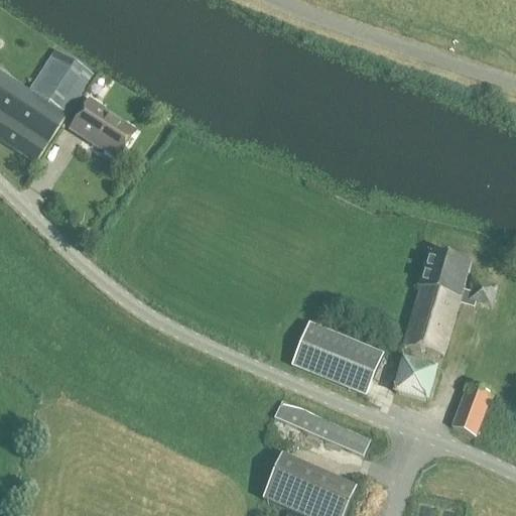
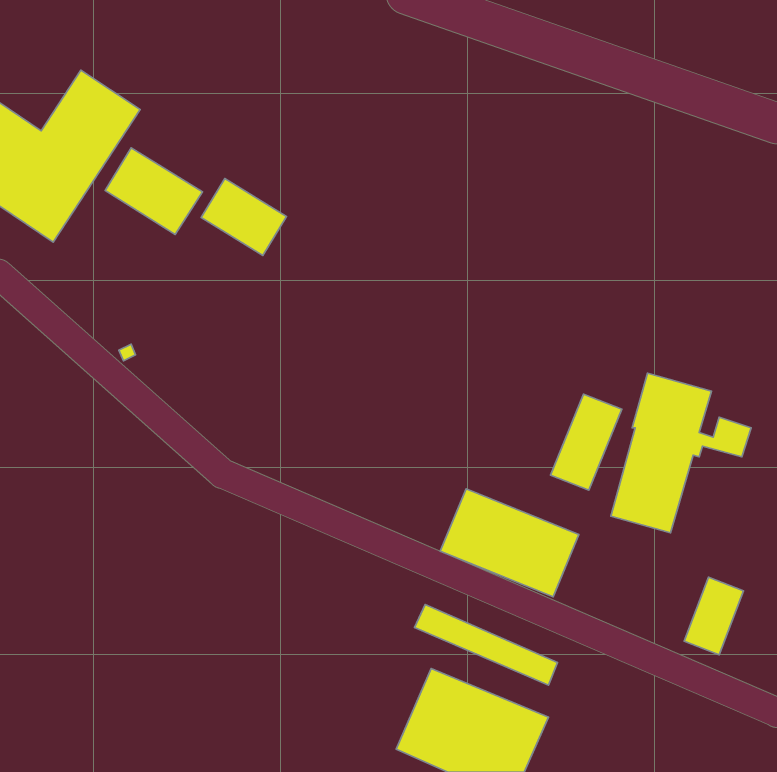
building: none -> [201,178,287,255]
building: none -> [551,394,622,490]
building: [392,354,438,401] -> none

